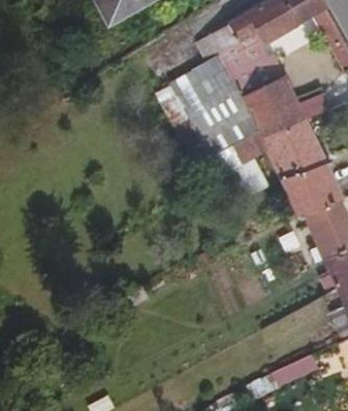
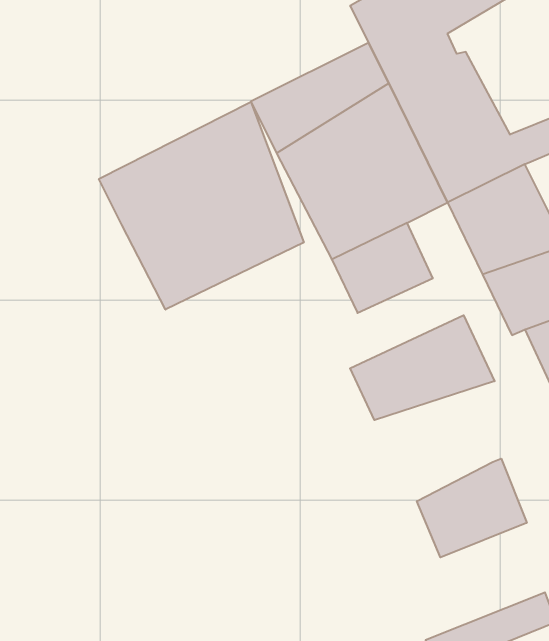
building: none -> [99,102,304,310]
building: none -> [350,315,495,420]
building: none -> [417,459,527,557]

